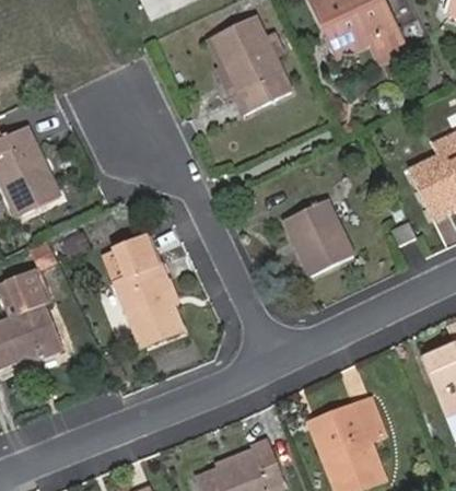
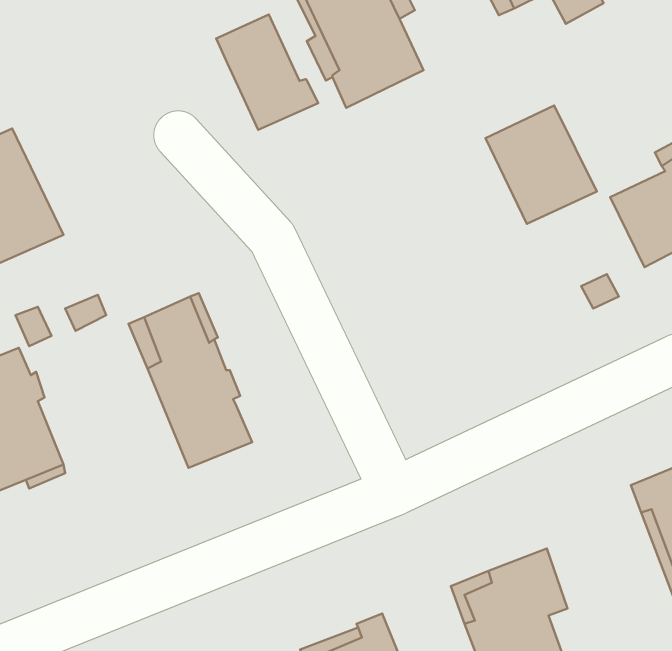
building: none -> [216,14,318,130]
building: [282,199,353,274] -> [486,106,597,224]

